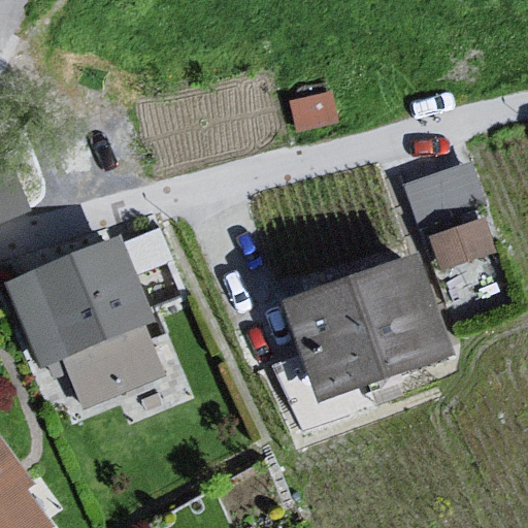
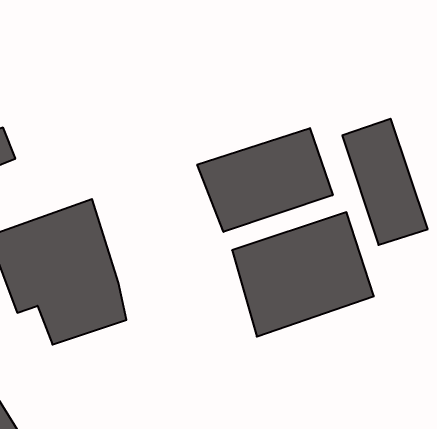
building: none -> [197,128,333,232]

